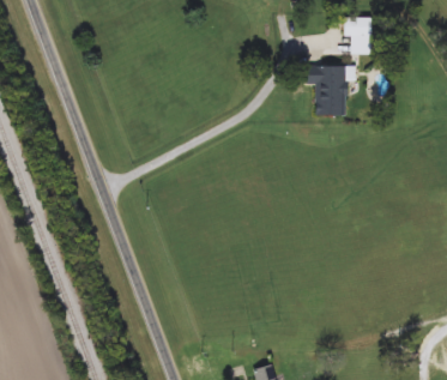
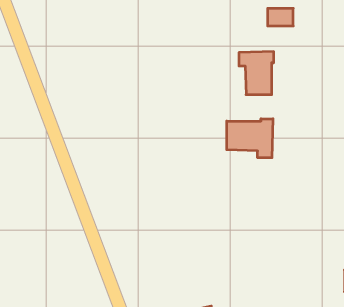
building: none -> [227,119,273,158]

